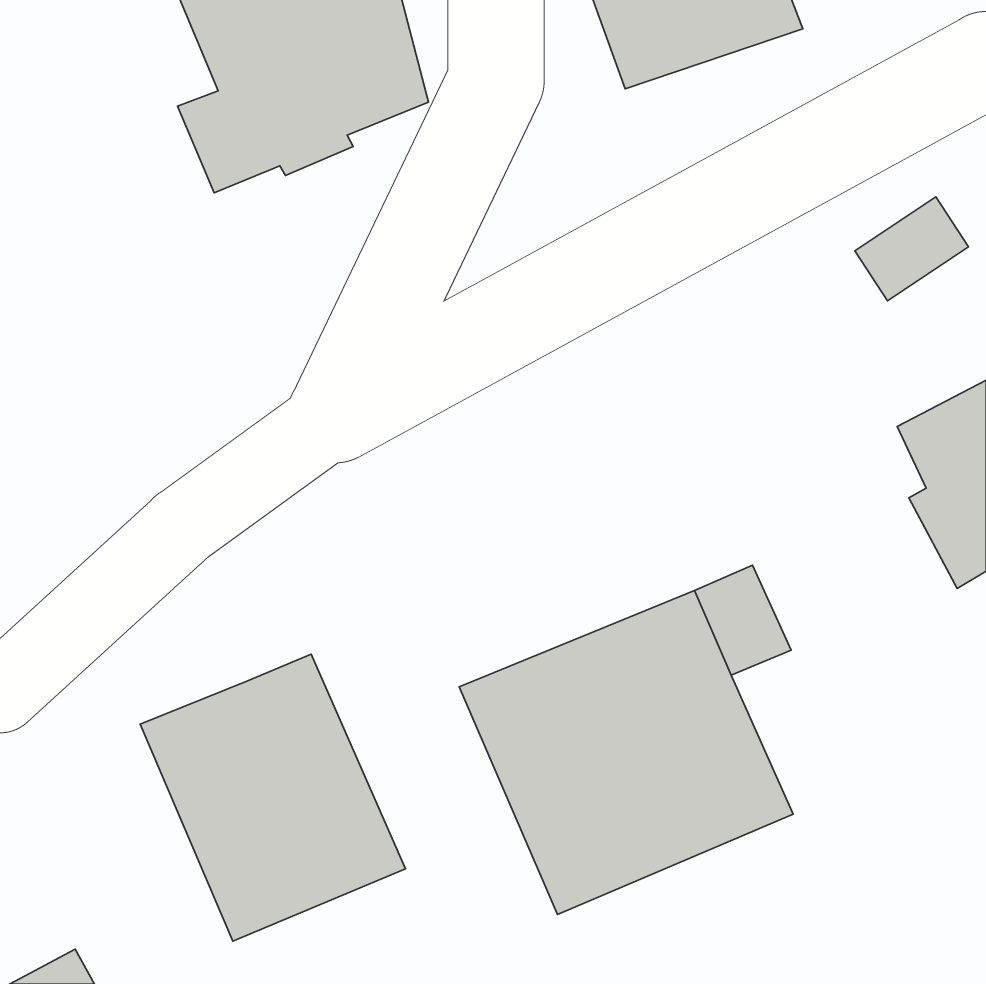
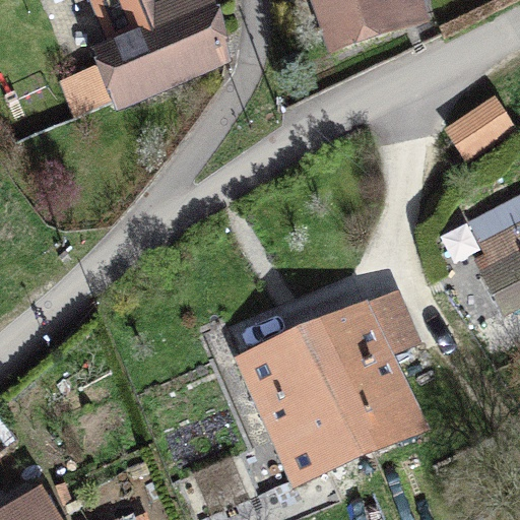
building: [140,654,405,941] -> none

